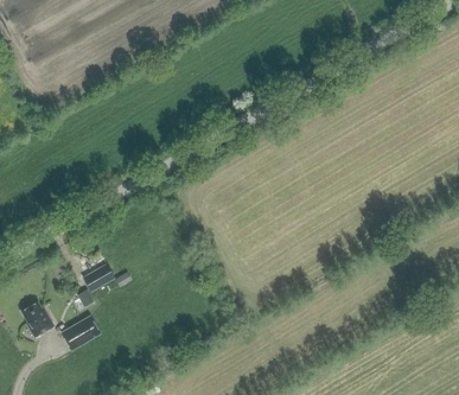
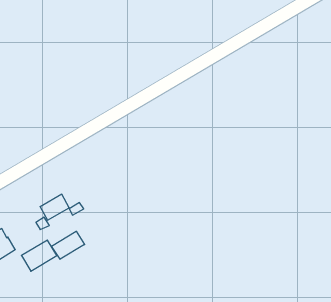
building: none -> [52,231,85,259]

